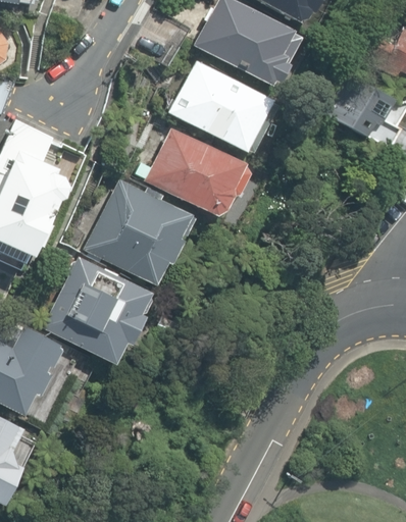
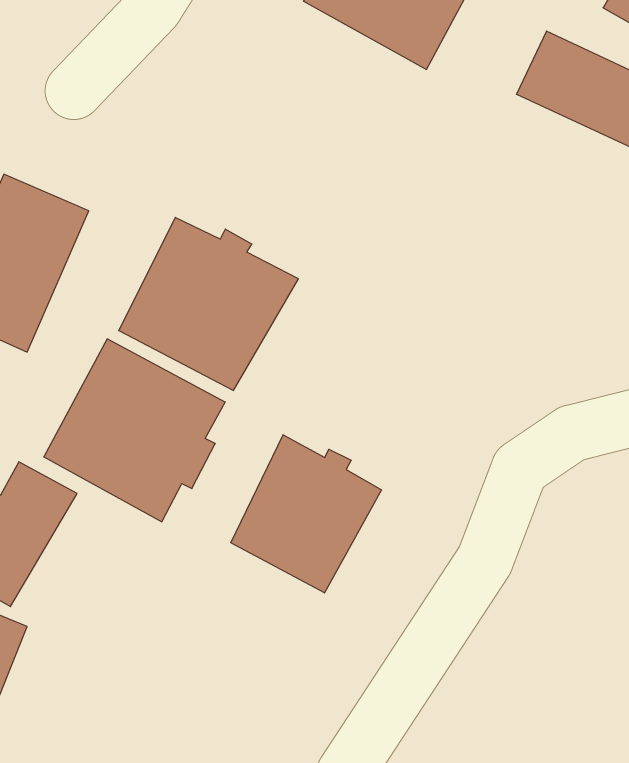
building: [172,61,280,155] -> none
building: [149,127,251,217] -> none
building: none -> [231,435,382,593]

